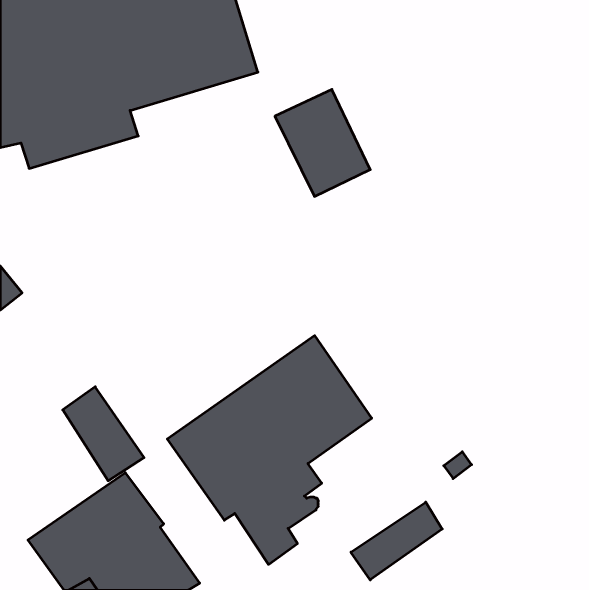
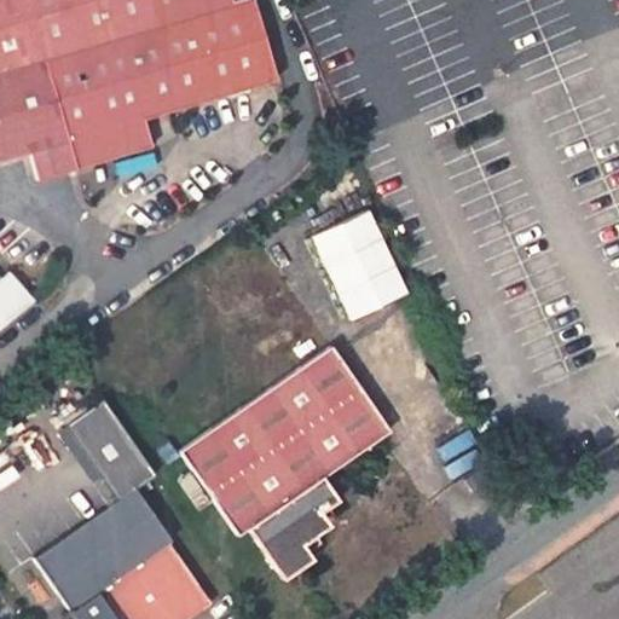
building: [275,89,370,196] -> [311,202,410,313]
building: [351,502,442,580] -> none

